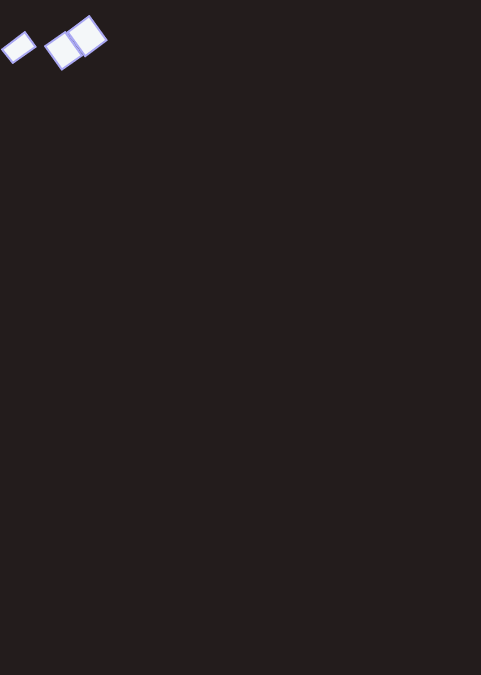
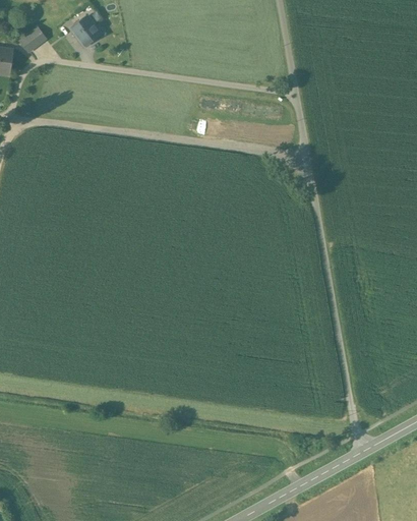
building: [45,32,82,69] -> none

